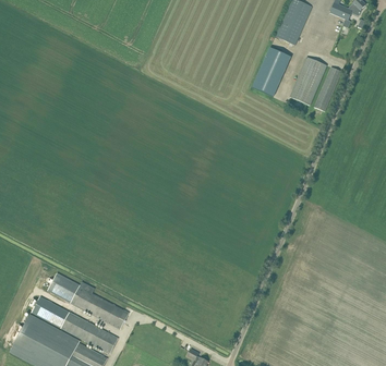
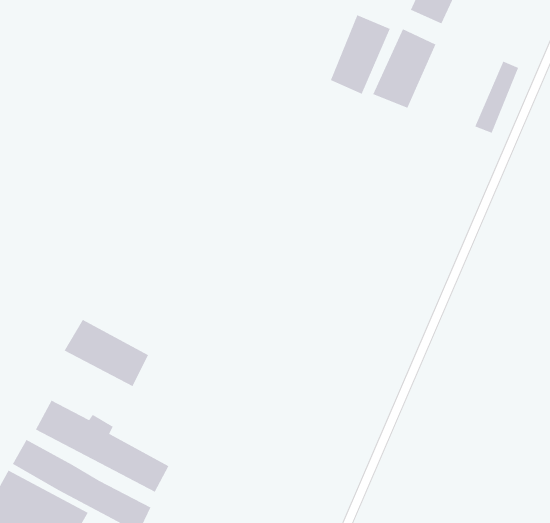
building: [290,57,327,106] -> [330,14,391,95]
building: none -> [64,319,149,387]

